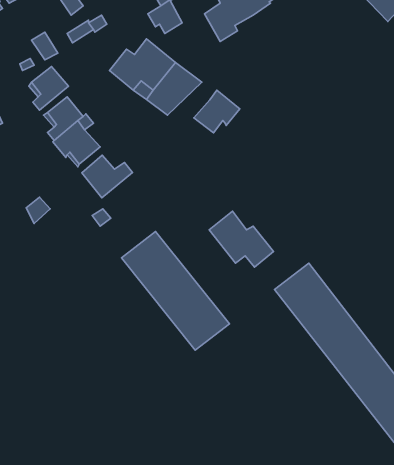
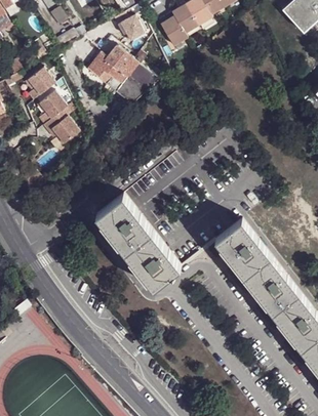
building: [194,90,240,133] -> none
building: [82,155,132,198] -> none
building: [209,211,273,267] -> none

